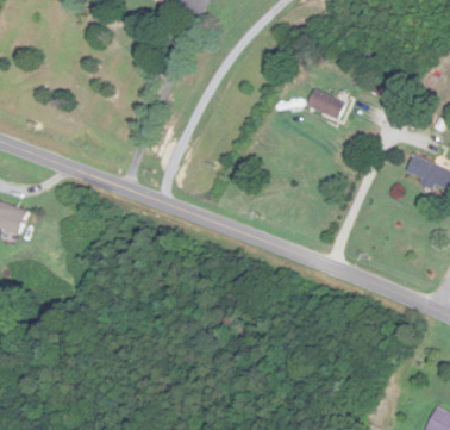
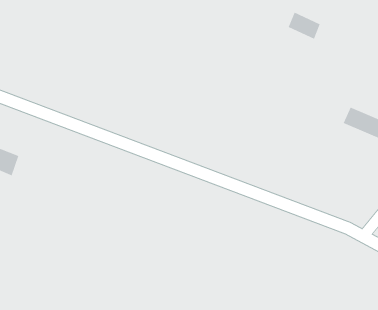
building: [306,88,344,120] -> [288,12,320,39]

